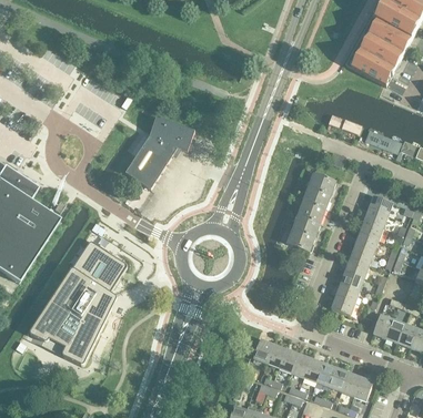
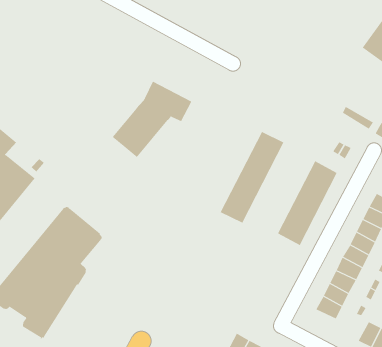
building: none -> [220,131,284,223]

